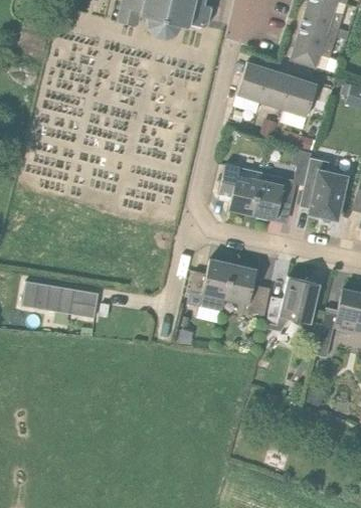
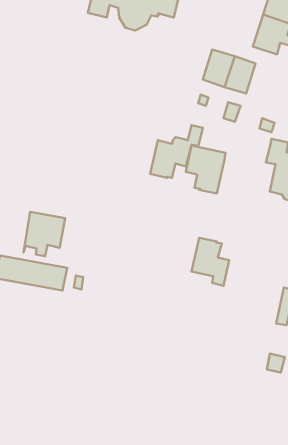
building: [285,76,318,116] -> none
building: [253,163,310,219] -> [150,125,203,178]
building: none -> [23,212,65,256]
building: [190,258,234,311] -> none
building: [267,276,324,325] -> none

